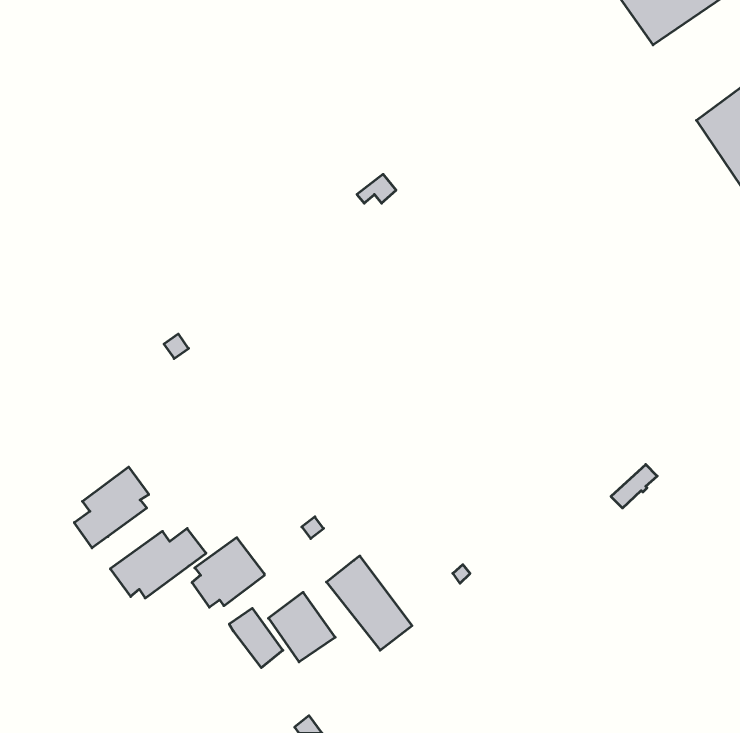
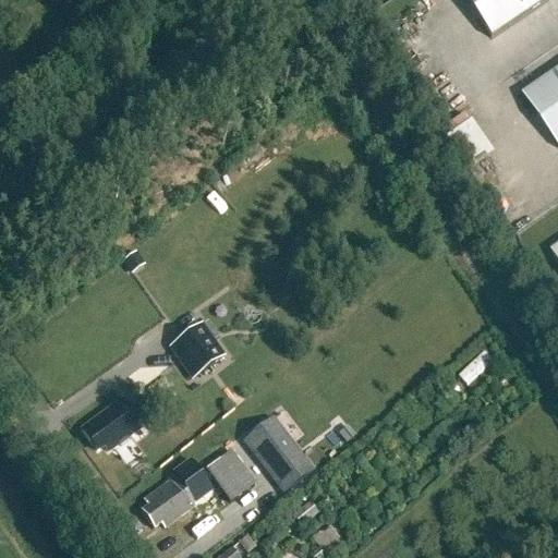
building: none -> [173,323,223,374]
building: [74,467,149,548] -> none
building: [192,538,264,607] -> [143,474,197,526]

